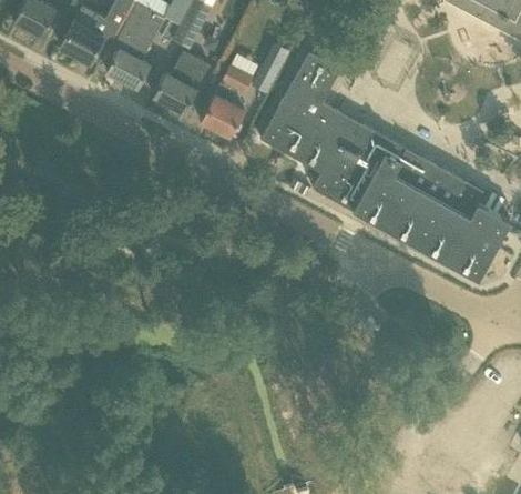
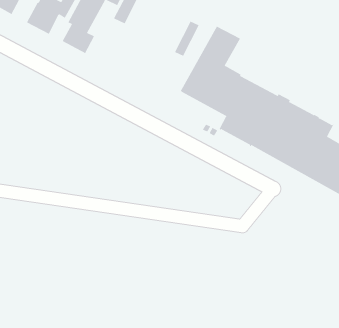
building: [153,52,211,113] -> none
building: [201,56,258,138] -> none

